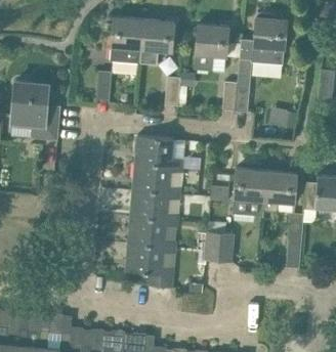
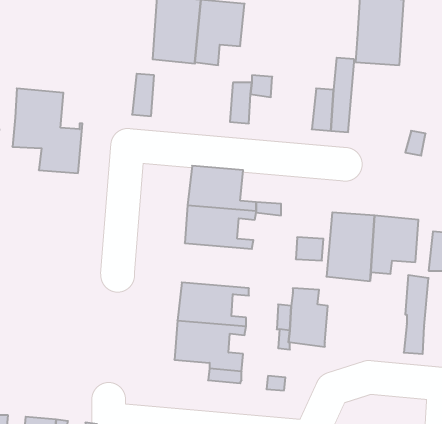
building: [194,25,228,72] -> none
building: [130,190,195,229] -> none

